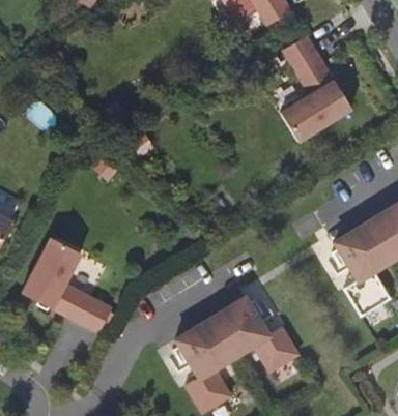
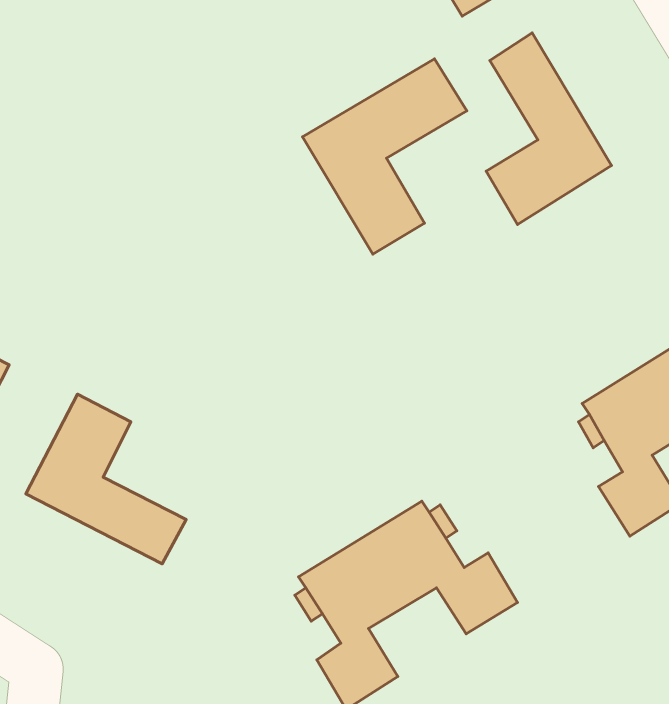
building: none -> [303,59,467,254]

